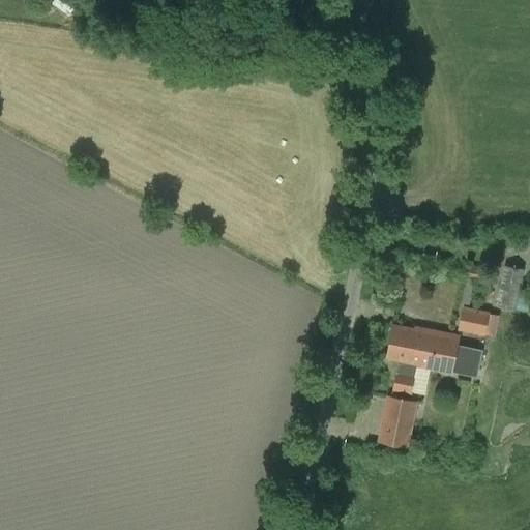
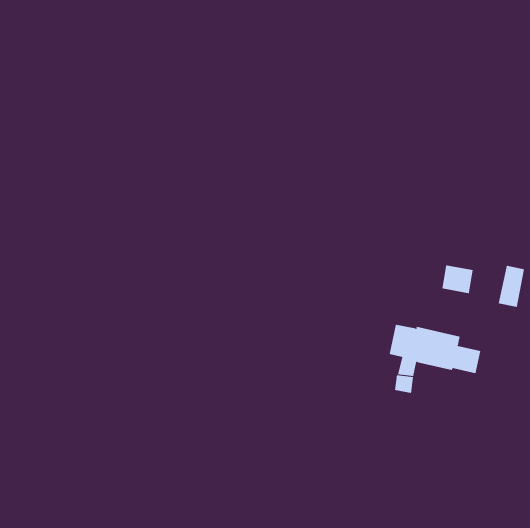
building: [459,306,491,335] -> [441,265,474,294]
building: [378,396,417,448] -> none

